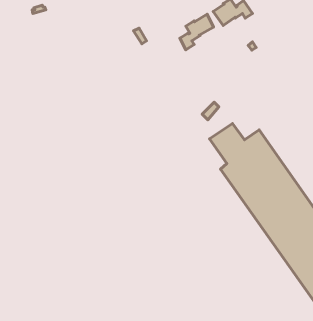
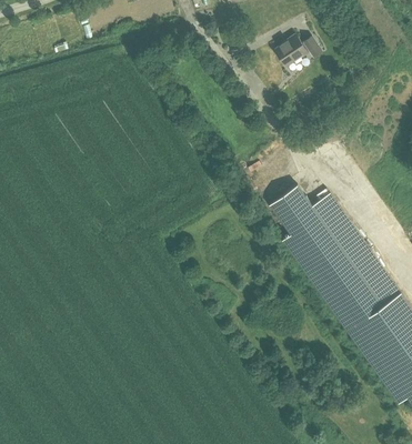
building: [180,14,214,50] -> none

